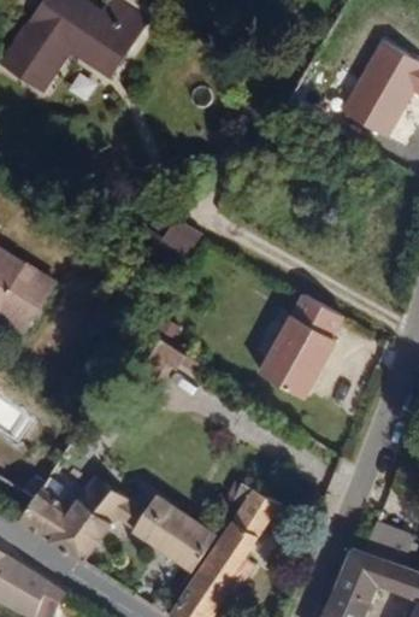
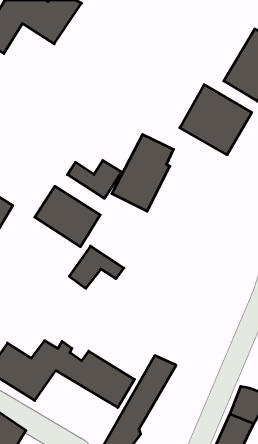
building: none -> [180,85,252,155]
building: none -> [35,186,100,247]
building: [256,299,341,404] -> [112,134,174,211]

